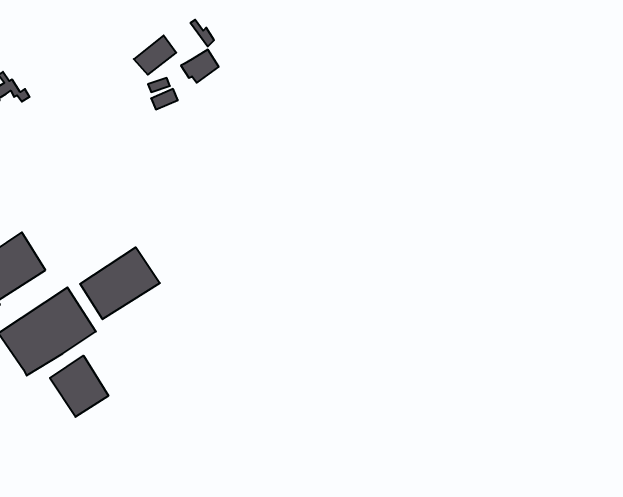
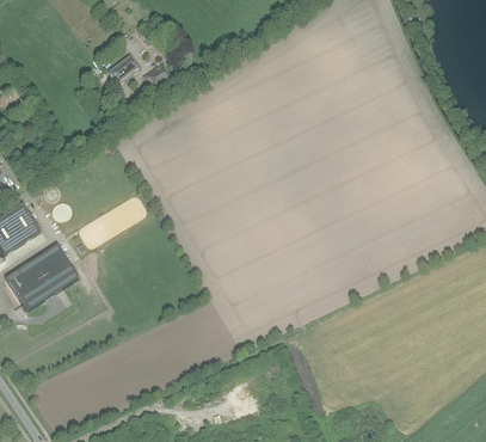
building: [80,247,160,319] -> none
building: [50,356,108,417] -> none

